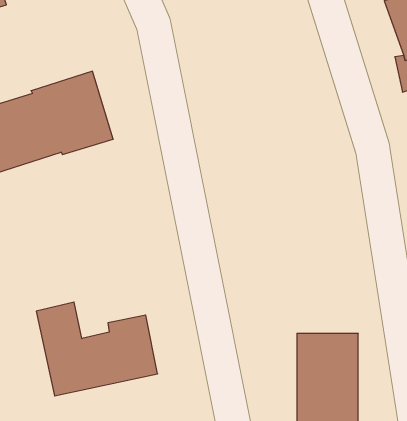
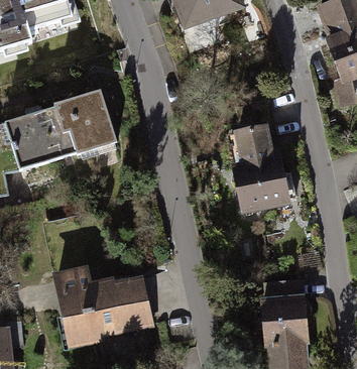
building: none -> [228,128,294,219]

